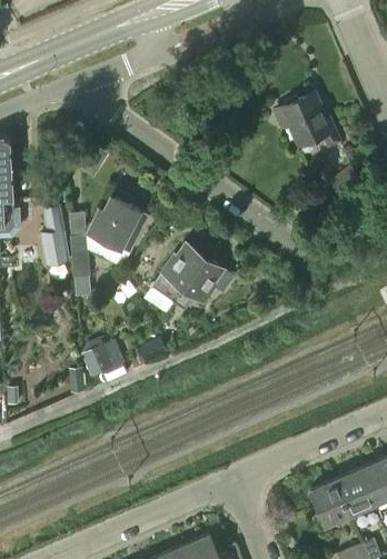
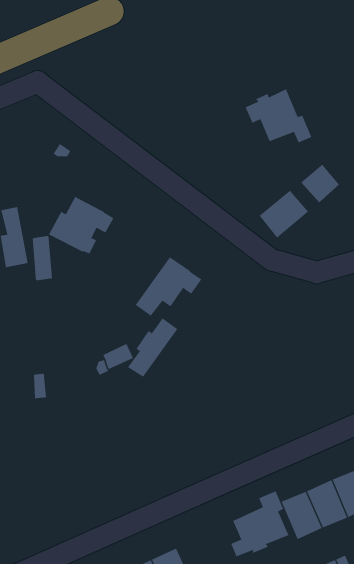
building: none -> [259,190,309,238]
building: [152,243,201,301] -> [127,317,178,378]
building: [81,340,123,377] -> none
building: none -> [230,490,289,557]

